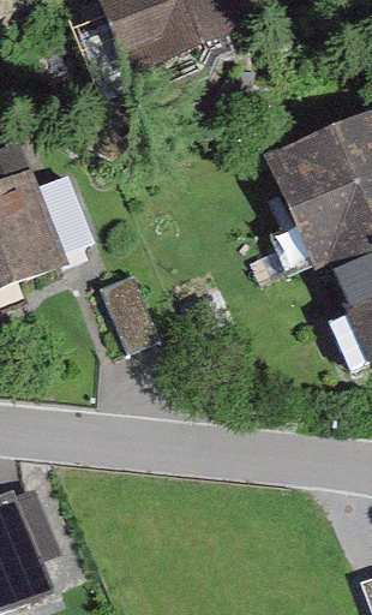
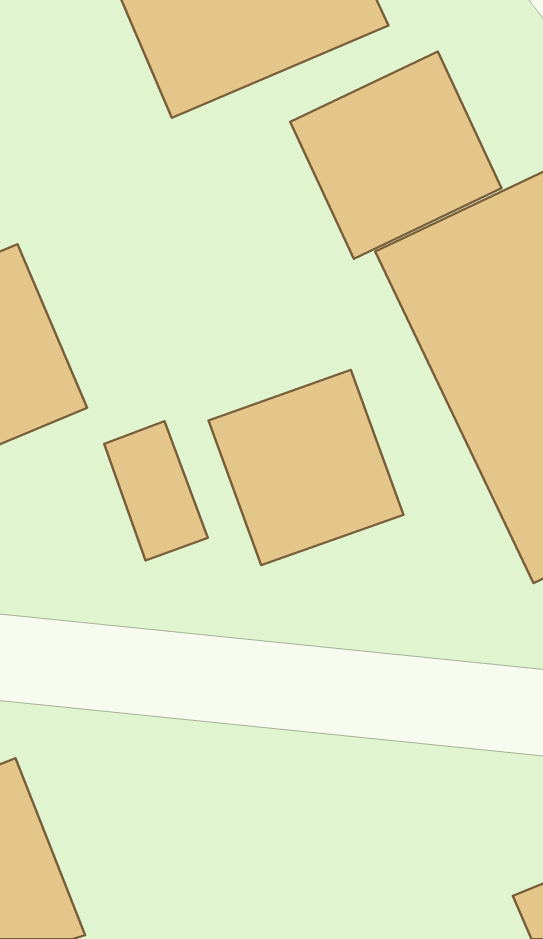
building: none -> [290,51,502,259]
building: none -> [209,370,403,565]

